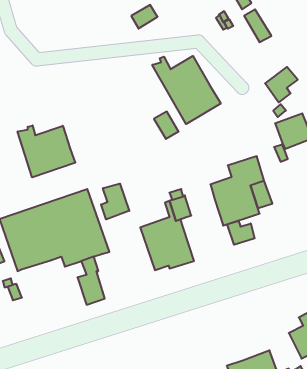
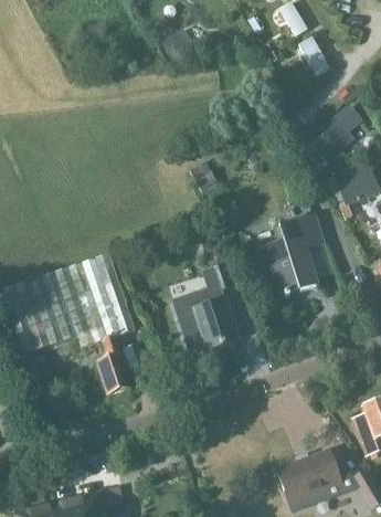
building: [152,56,221,124] -> none
building: [18,125,75,177] -> none
building: [101,184,129,219] -> none
building: [227,221,255,245] -> none

